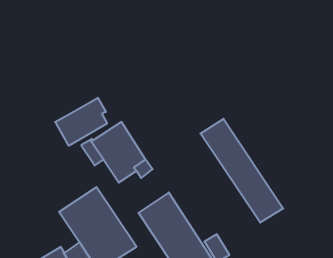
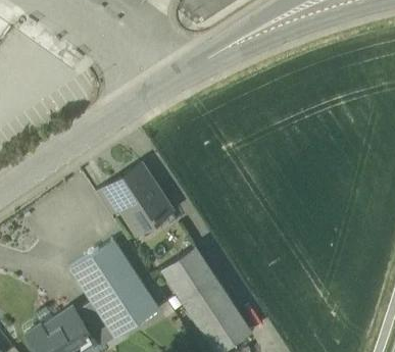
building: [55,98,107,146] -> none
building: [200,119,283,223] -> none

